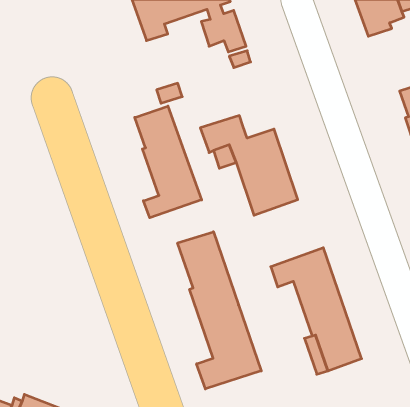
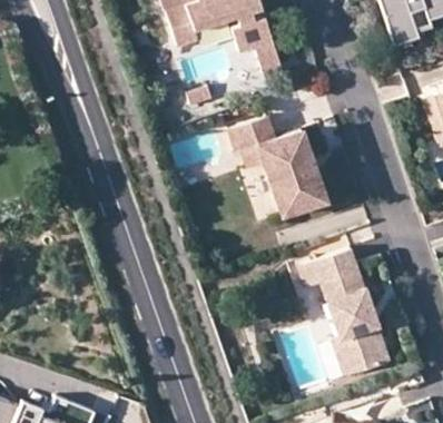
building: [135,106,202,218] -> none
building: [178,232,261,389] -> none

